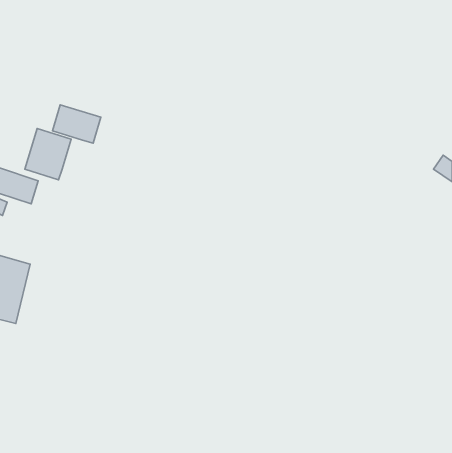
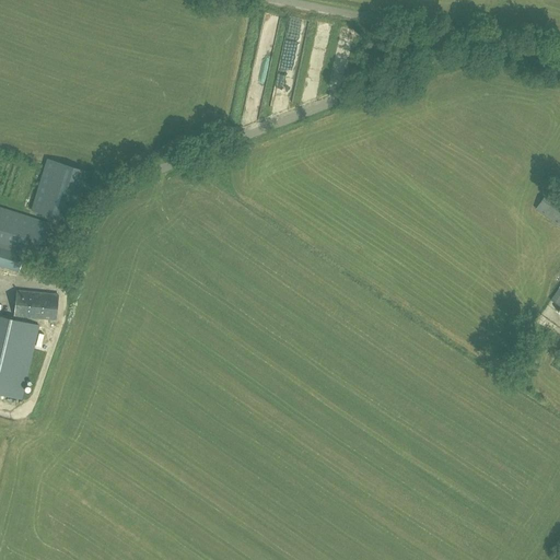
building: [53,105,101,143] -> none
building: none -> [13,290,57,319]

